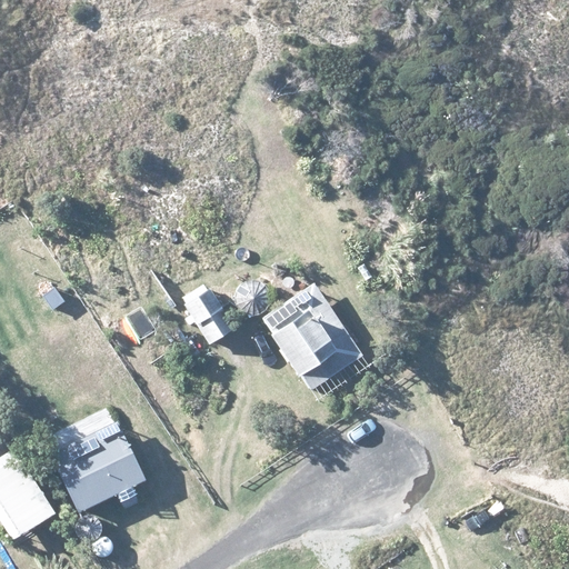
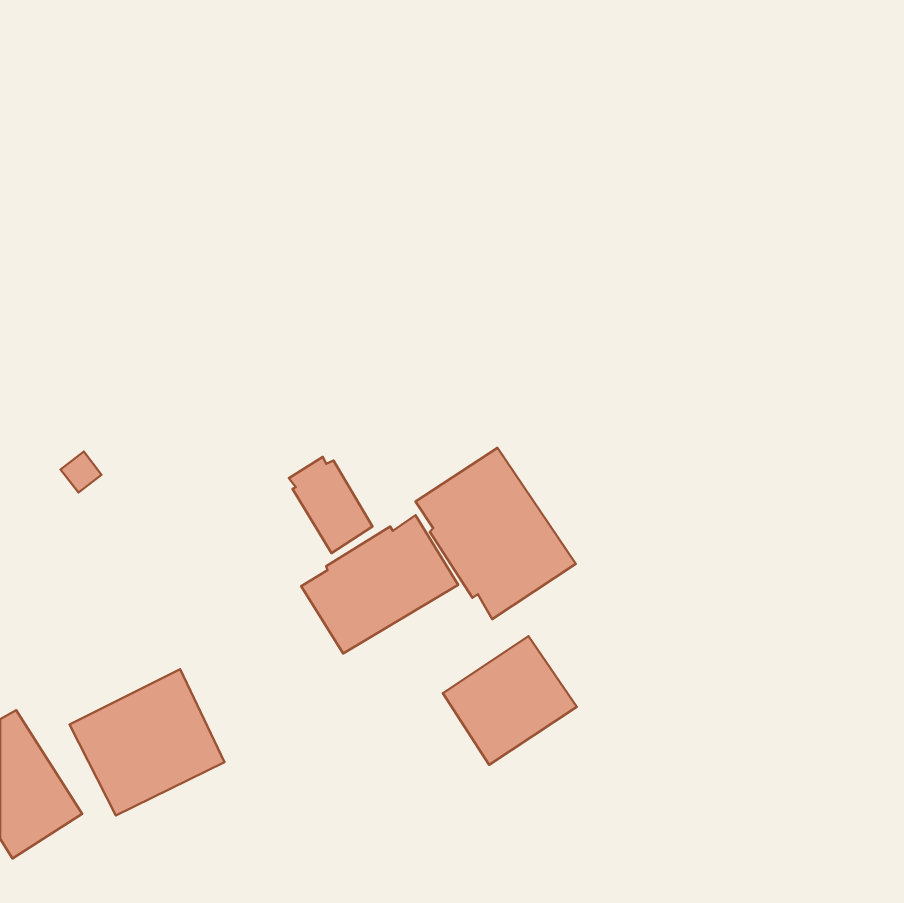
building: none -> [301,515,458,654]
building: none -> [443,636,577,765]

